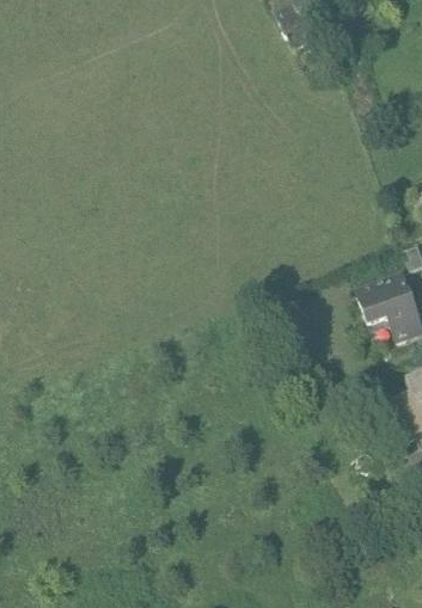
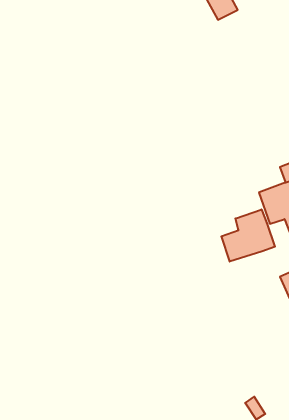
building: none -> [221,209,275,262]

